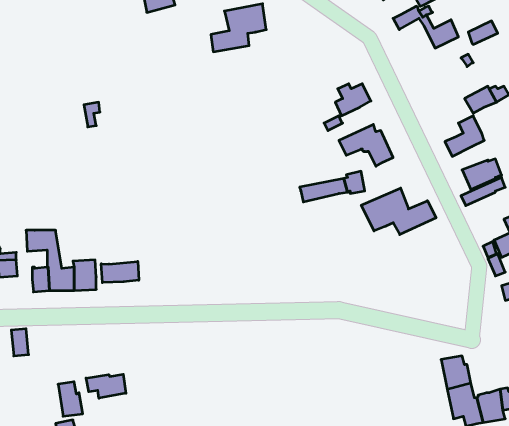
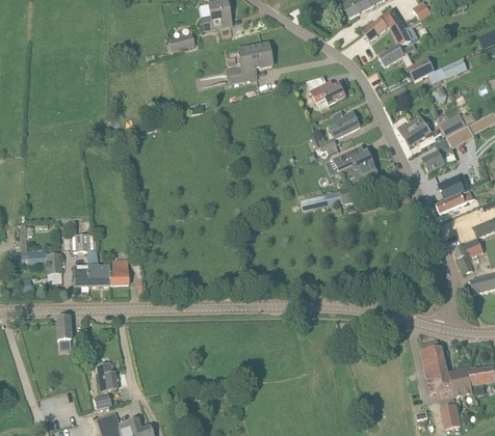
building: none -> [307,77,345,109]
building: none -> [397,115,432,146]
building: [361,188,436,235] -> none
building: [101,261,139,283] -> none
building: [86,374,126,398] -> none

